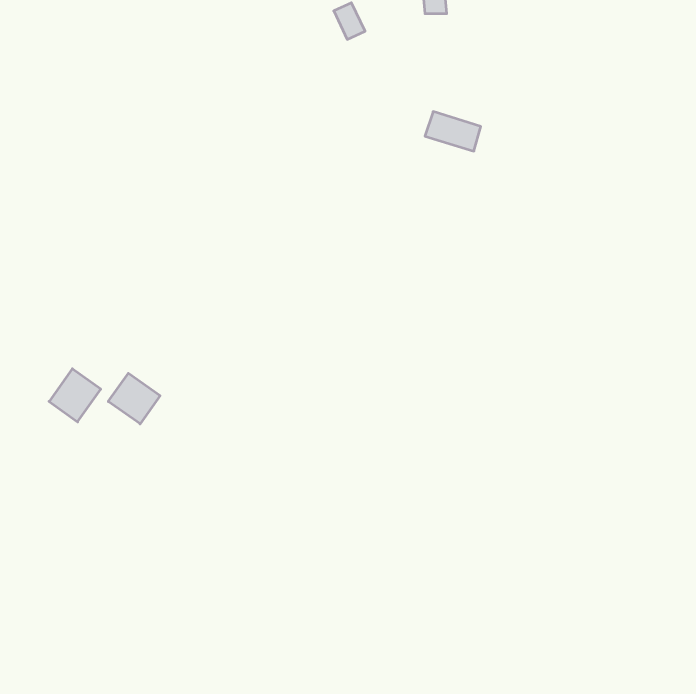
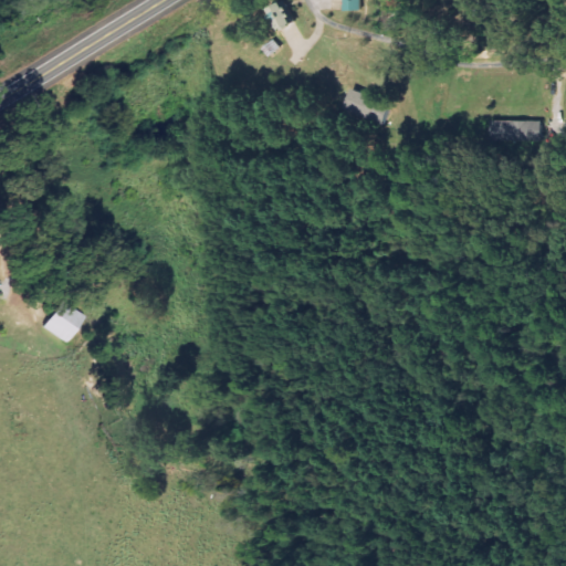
building: none -> [492,120,543,142]
building: [108,373,160,424] -> none

